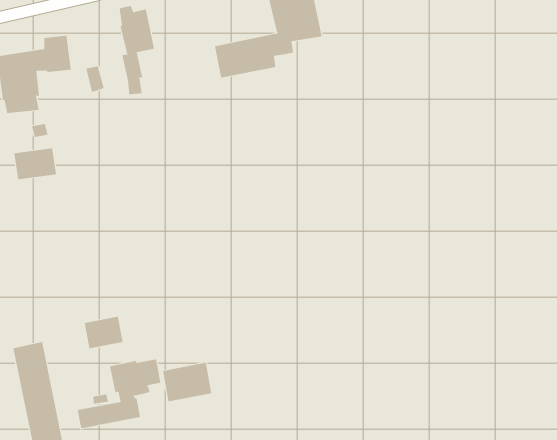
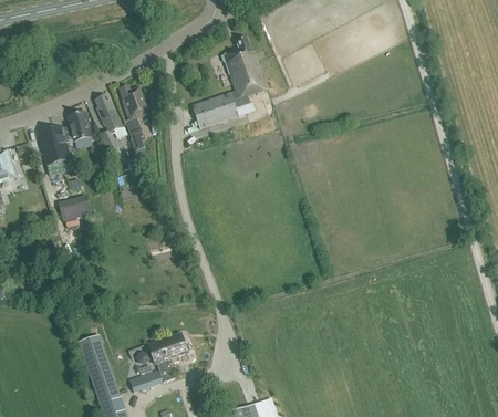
building: none -> [95,95,123,131]
building: [84,316,123,349] -> none
building: [162,362,212,402] -> none

